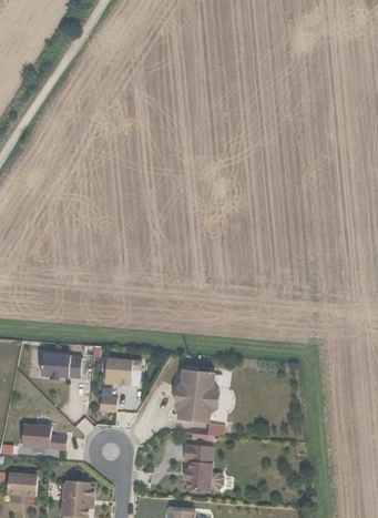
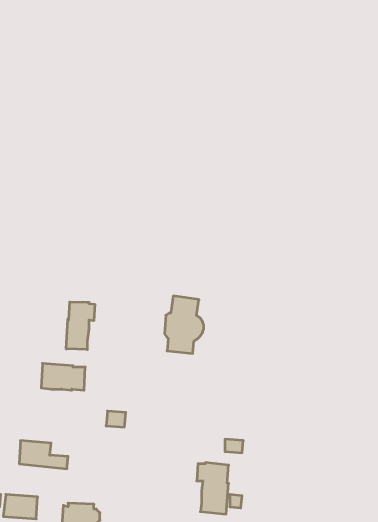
building: none -> [66,302,95,350]
building: [105,358,133,386] -> none
building: [178,369,214,421] -> [165,296,204,353]

